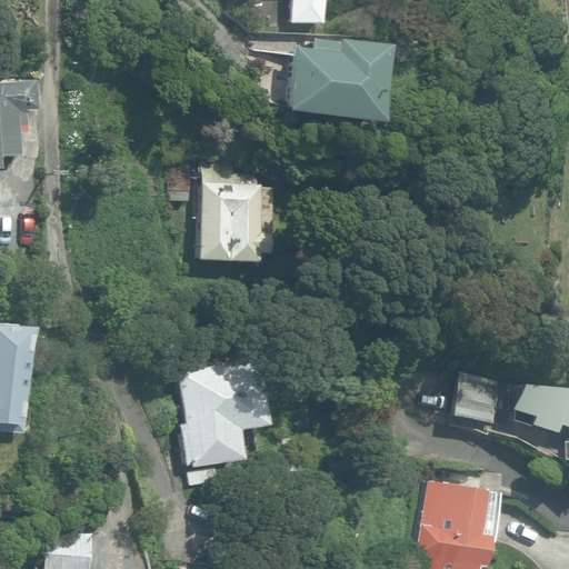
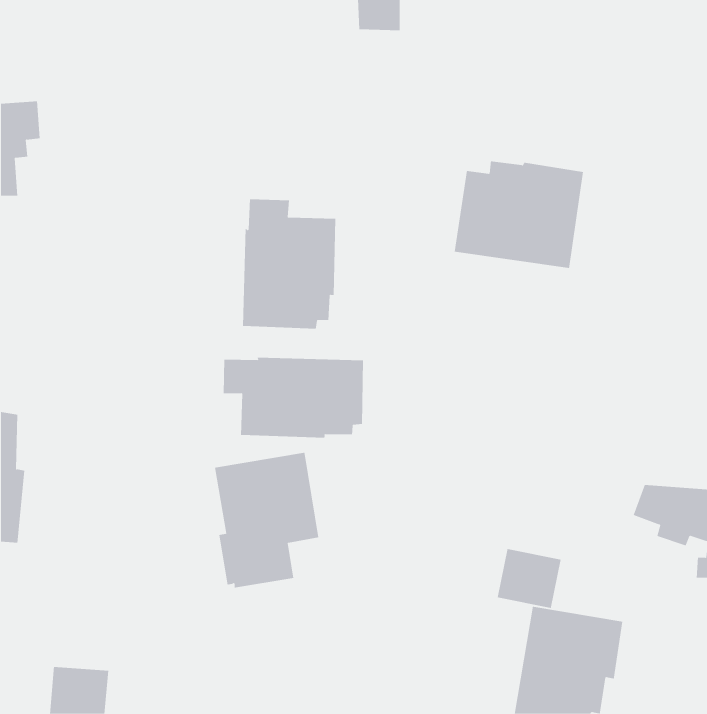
building: [282,40,386,126] -> [454,161,584,269]
building: none -> [223,357,364,439]
building: [451,375,502,422] -> [497,548,561,609]

